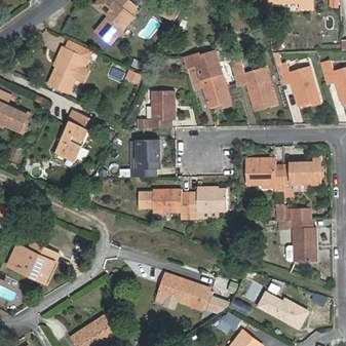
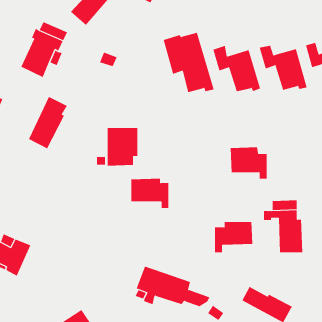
building: [147,92,175,128] -> none
building: [282,160,319,197] -> none
building: [189,188,226,218] -> [214,222,253,253]

